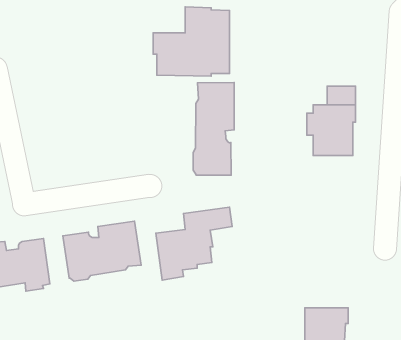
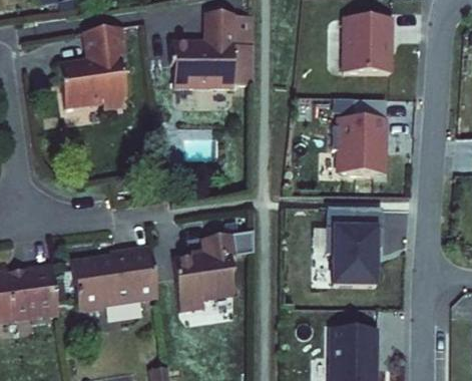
building: none -> [349,18,396,73]
building: none -> [58,24,126,104]
building: [193,83,234,175] -> none
building: none -> [329,237,385,295]

